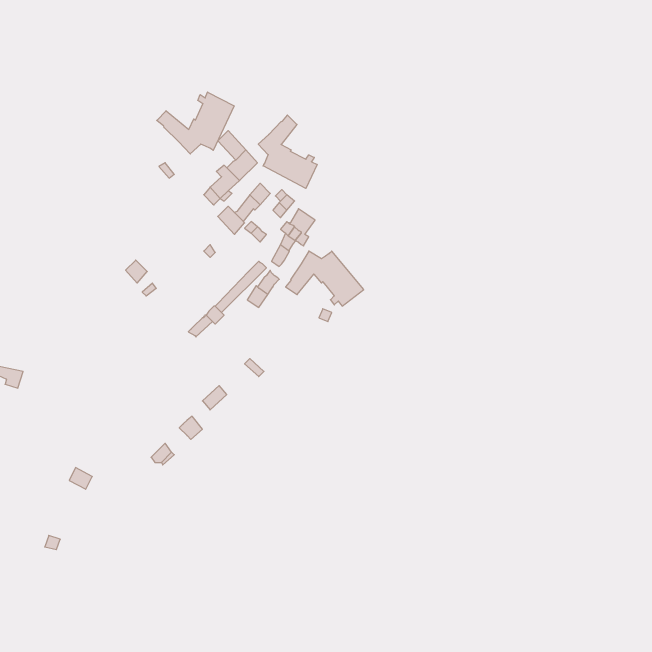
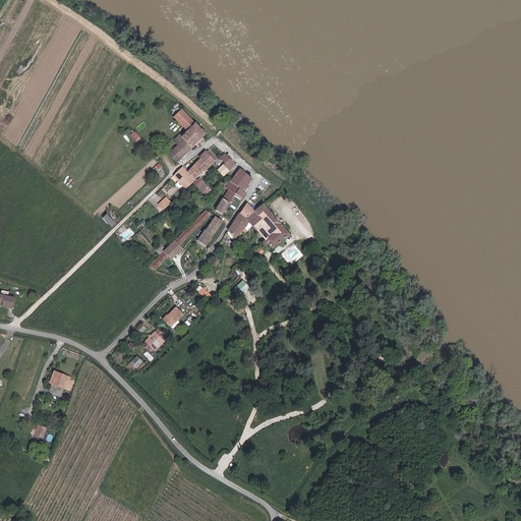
building: [157,92,234,154] -> none
building: [258,115,317,188] -> none

